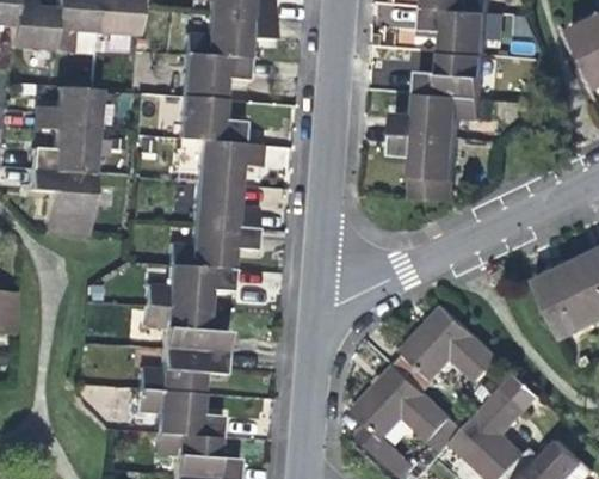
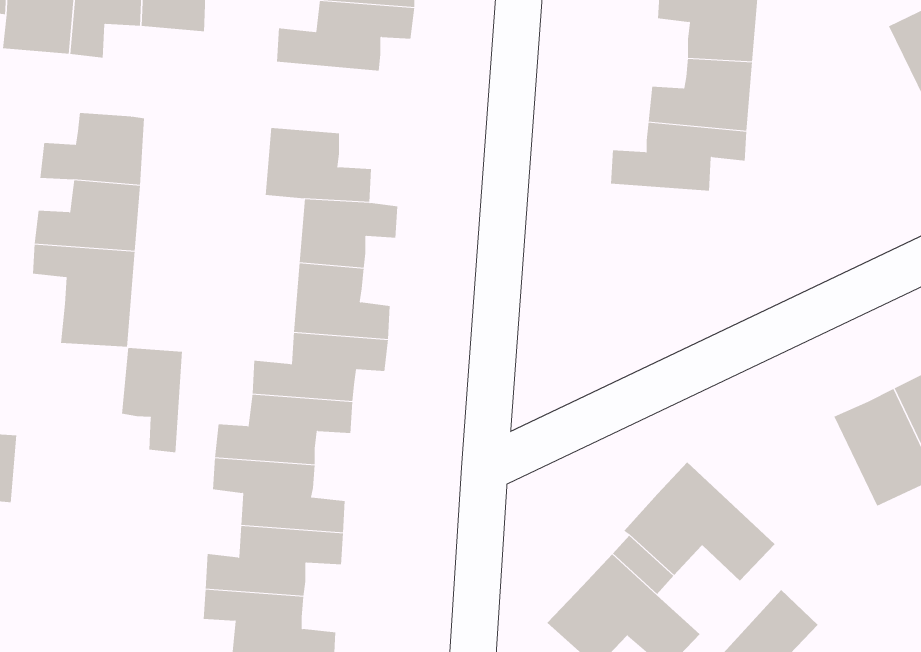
building: [179,54,248,99] -> none
building: [393,131,458,201] -> none
building: none -> [121,347,183,453]

